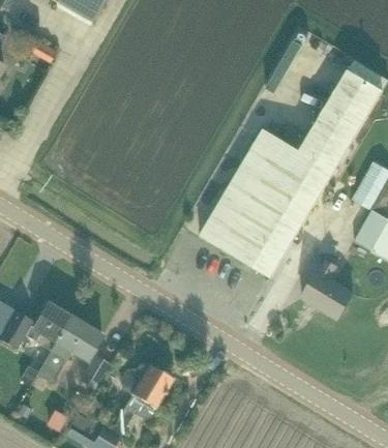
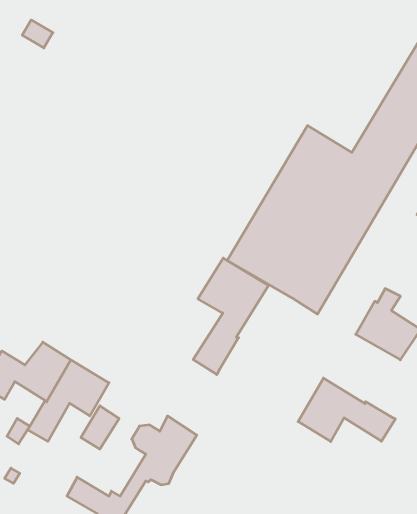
building: none -> [193,258,269,375]
building: none -> [298,378,395,442]

